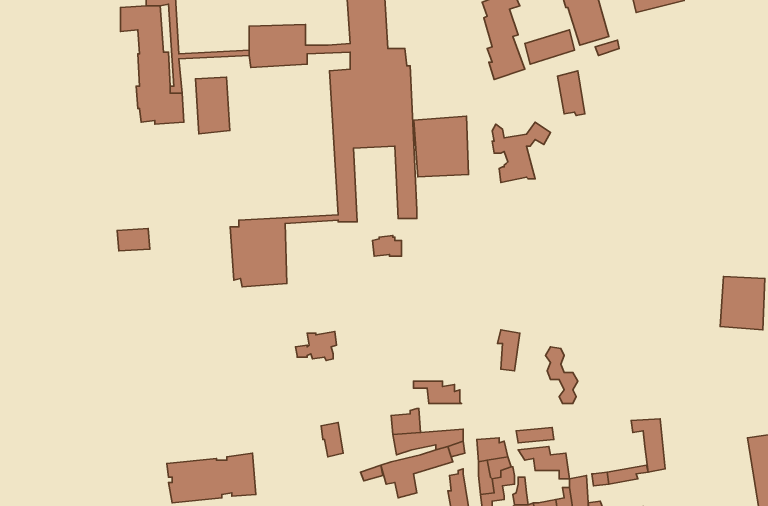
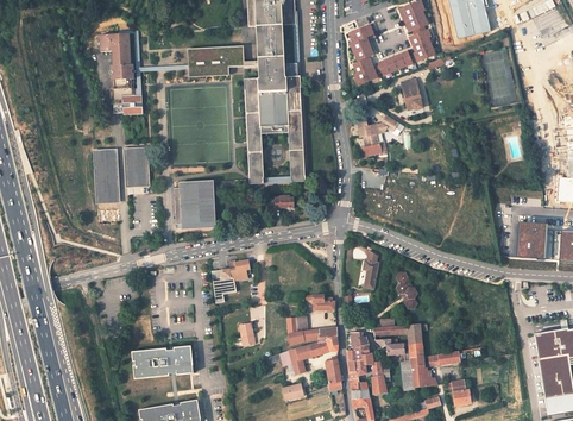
building: [196,77,230,134] -> [125,149,149,188]
building: [414,116,468,177] -> none
building: none -> [94,151,118,189]
building: [631,419,665,472] -> [398,325,422,362]

